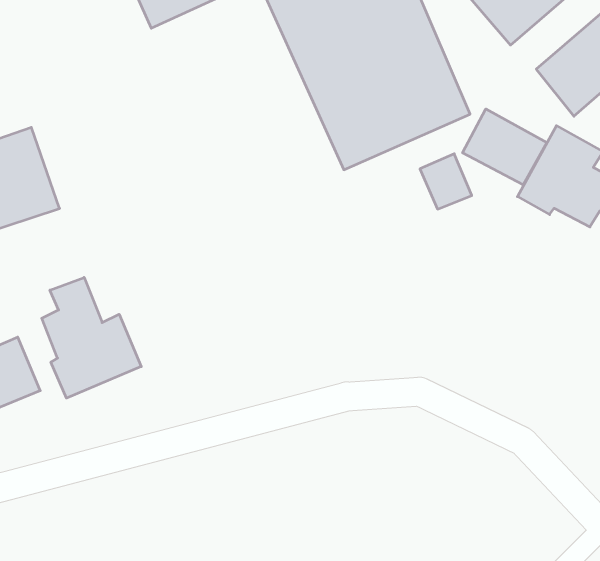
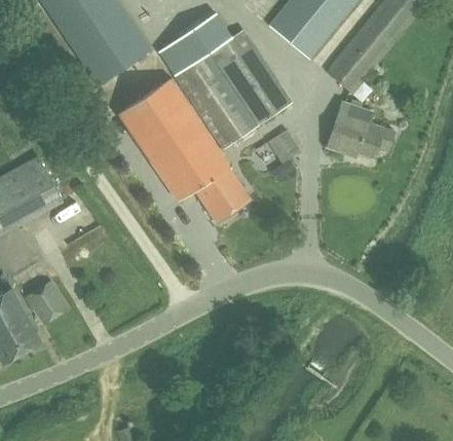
building: none -> [119,78,251,220]
building: [463,109,547,185] -> none
building: [42,277,141,398] -> none

